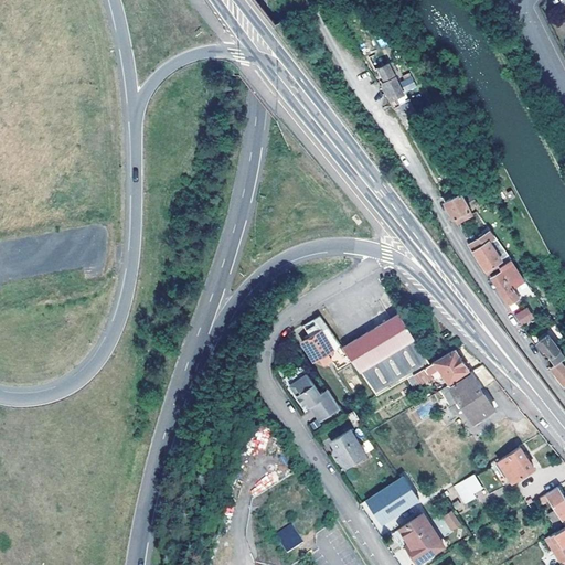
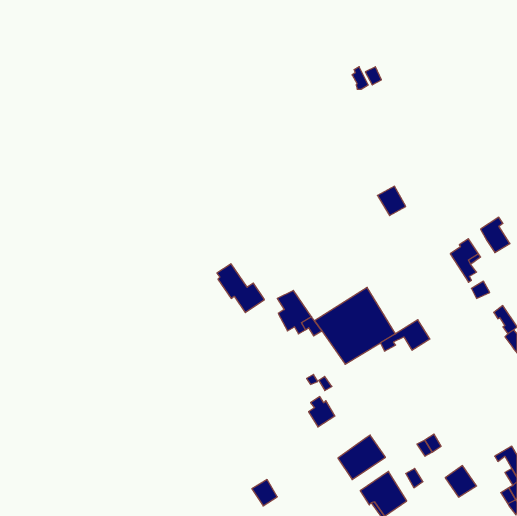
building: [444,193,475,225] -> [377,186,406,216]
building: [470,232,502,270] -> [481,217,510,253]
building: [428,365,495,425] -> none
building: [287,369,339,422] -> [217,264,264,313]
building: [500,448,534,482] -> [445,466,477,497]

